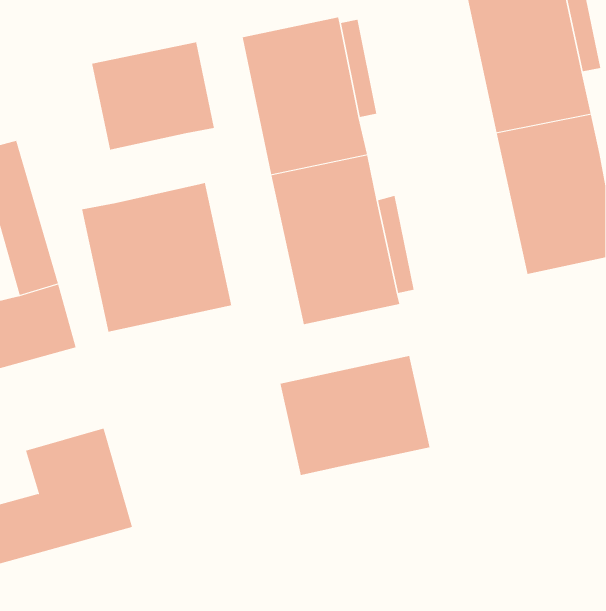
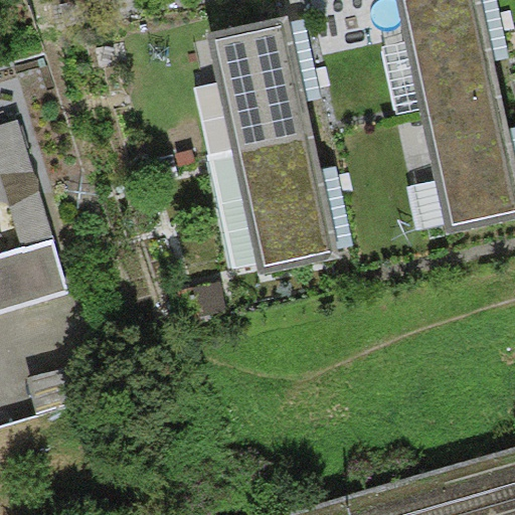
building: [92,41,215,150] -> none
building: [82,182,232,333] -> none
building: [280,355,430,476] -> none

